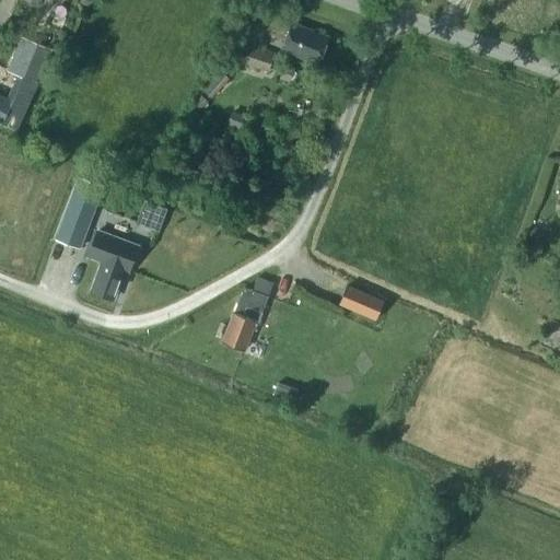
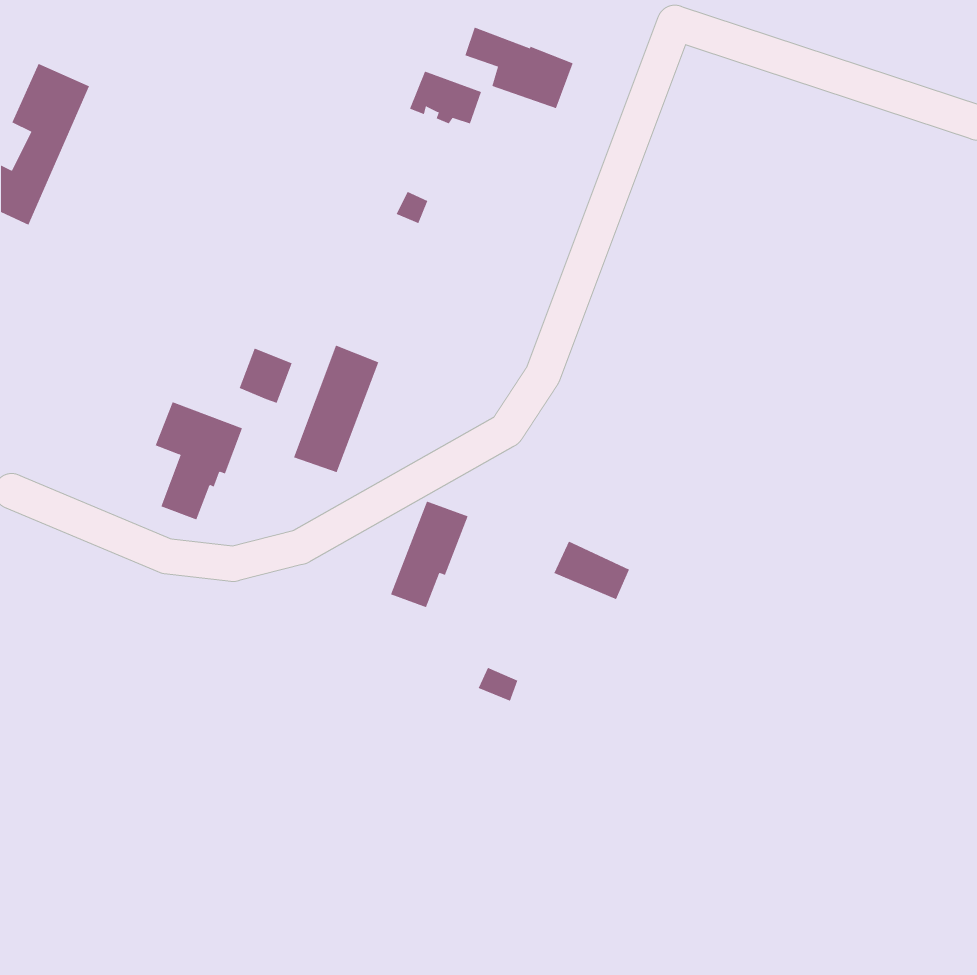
building: [56,175,105,248] -> [293,345,379,473]
building: [339,285,383,319] -> [553,541,630,600]

